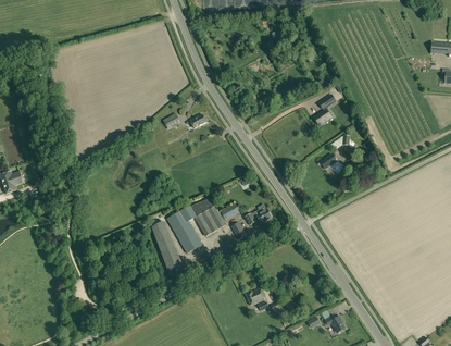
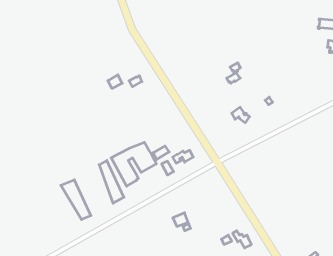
building: none -> [61,180,91,220]

